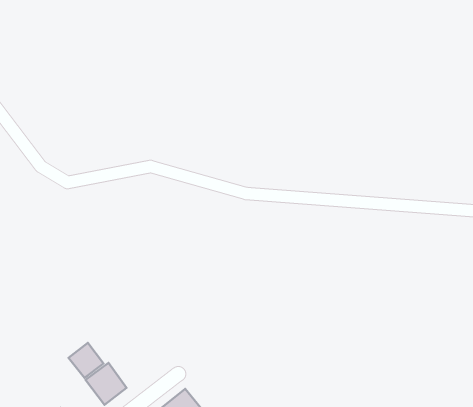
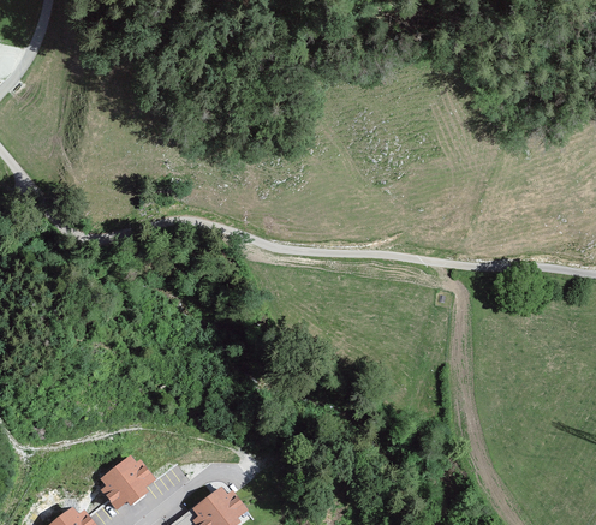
building: [68,343,103,378] -> none

